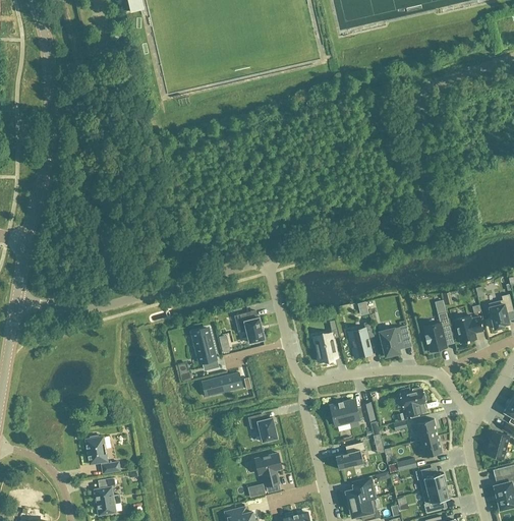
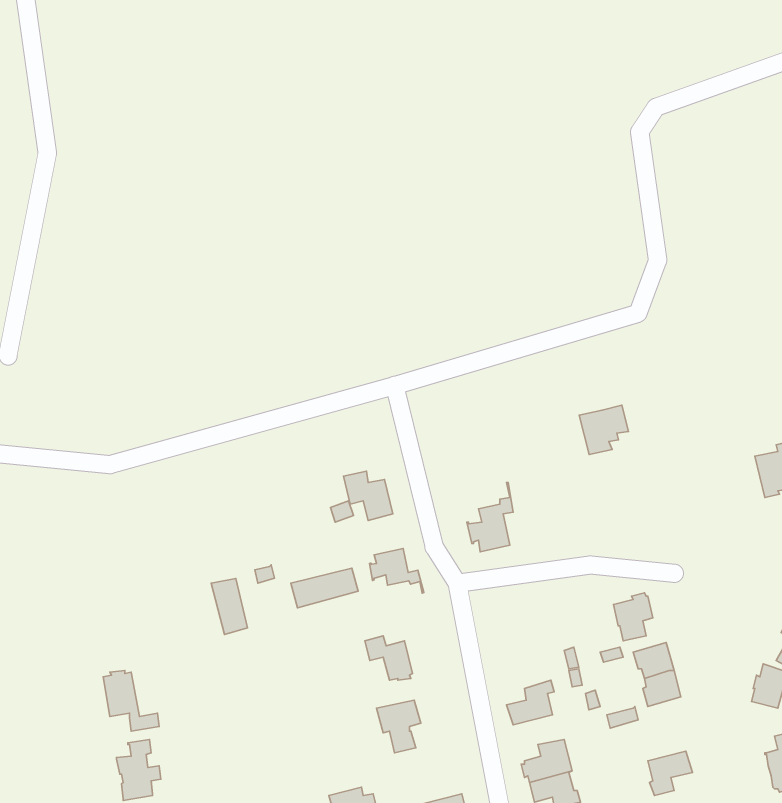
building: [454,315,483,343] -> none
building: [423,317,452,351] -> none
building: [348,322,375,358] -> none
building: [380,326,410,356] -> [579,405,629,455]
building: [192,329,215,363] -> [211,578,247,634]
building: none -> [370,548,424,593]
building: [331,401,374,425] -> none
building: [415,468,446,491] -> none

